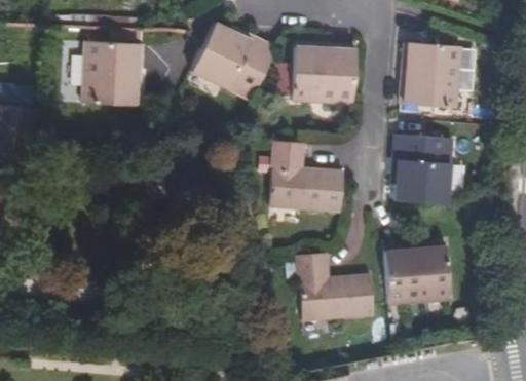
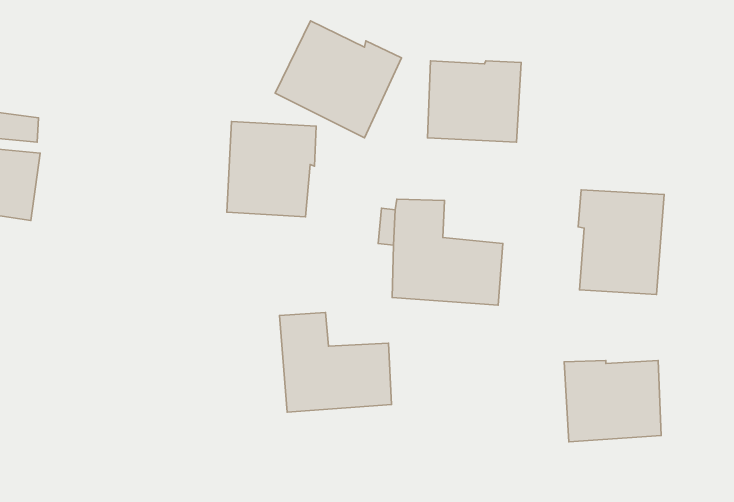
building: [83,41,143,105] -> [227,121,316,217]
building: [404,41,462,108] -> none
building: [299,253,374,319] -> [279,312,392,412]

